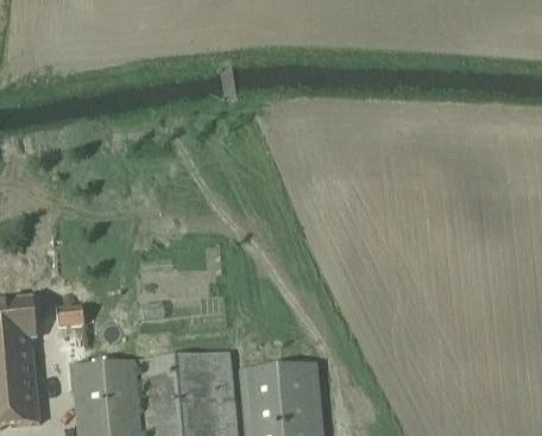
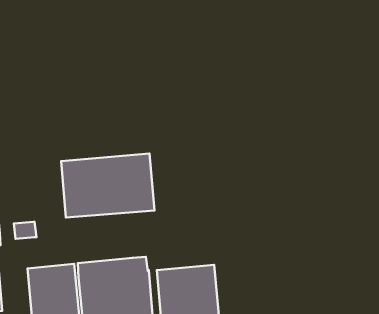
building: none -> [61,153,154,217]

